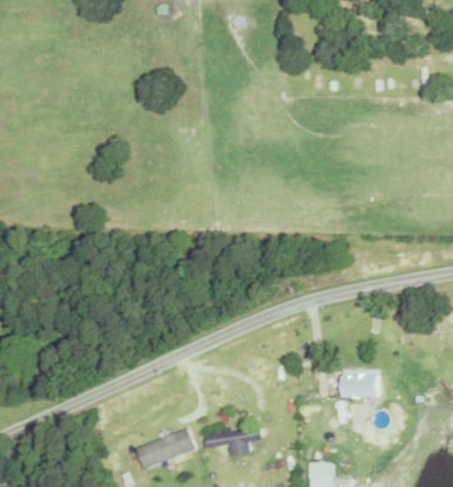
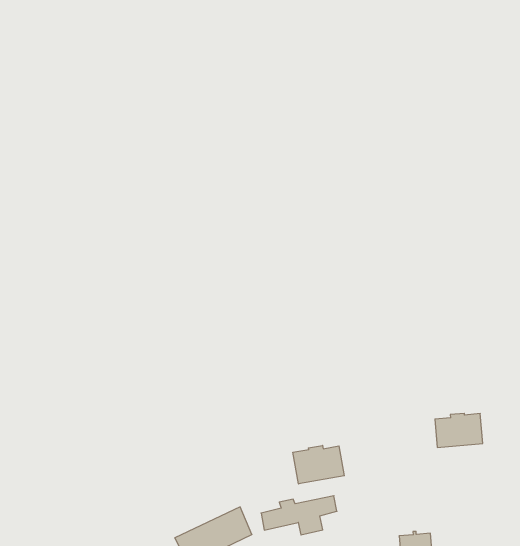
building: none -> [293,445,344,484]

